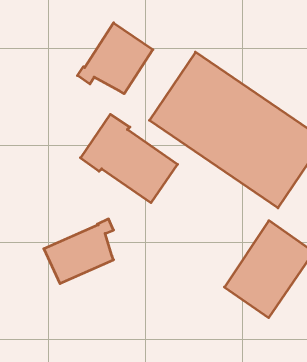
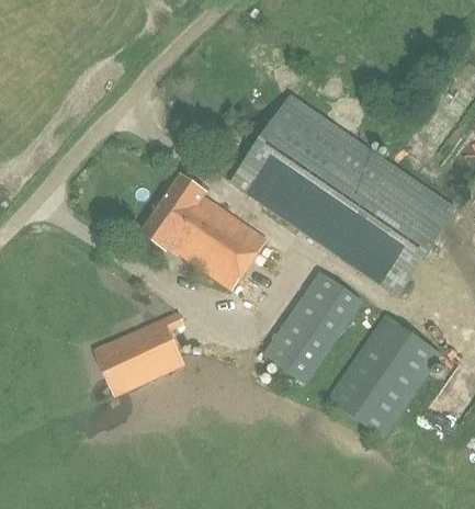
building: [77,23,153,94] -> none
building: none -> [268,273,362,382]

